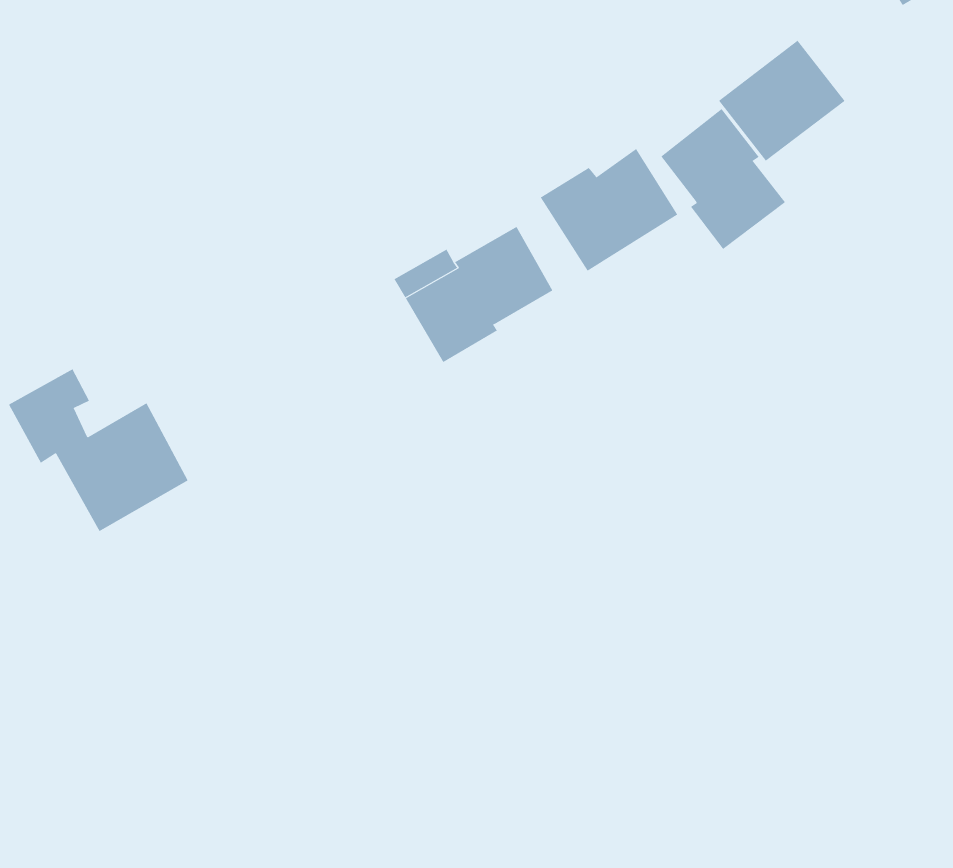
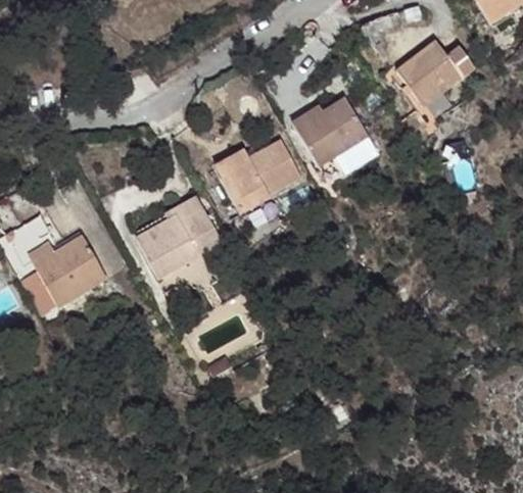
building: [660,108,786,250] -> none
building: none -> [132,195,220,275]

